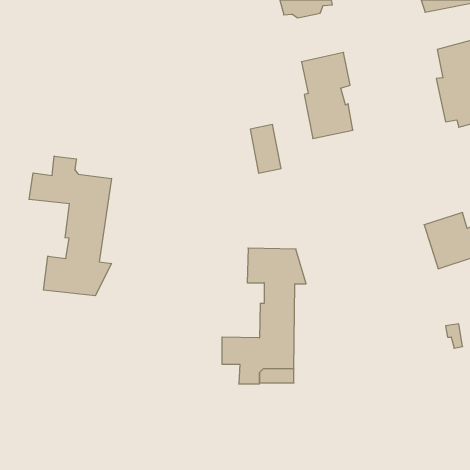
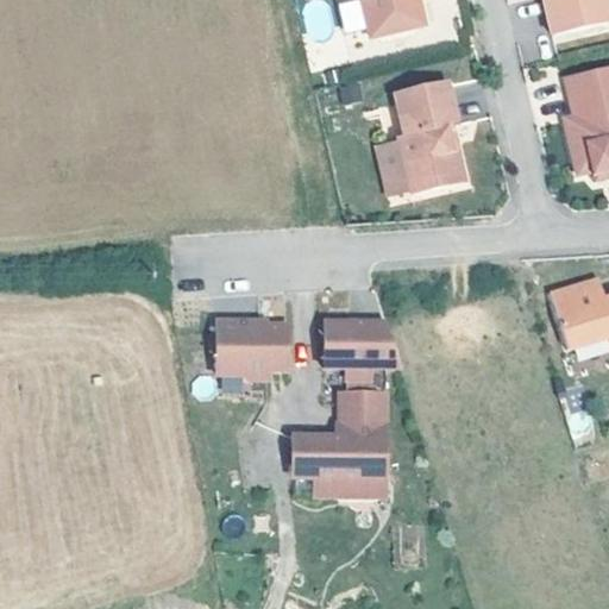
building: [250,125,281,173] -> [369,131,408,193]
building: [29,156,111,296] -> none
building: none -> [216,319,288,376]

